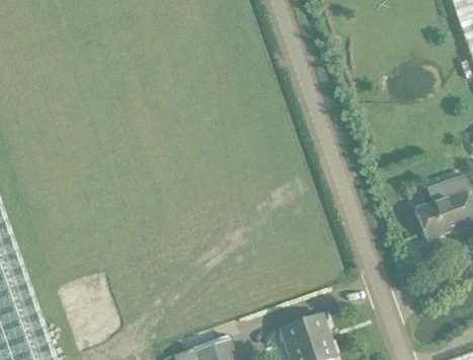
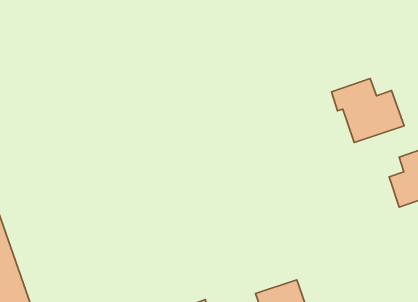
building: none -> [332,79,404,143]

